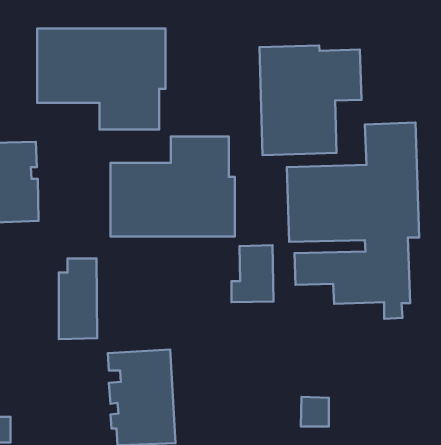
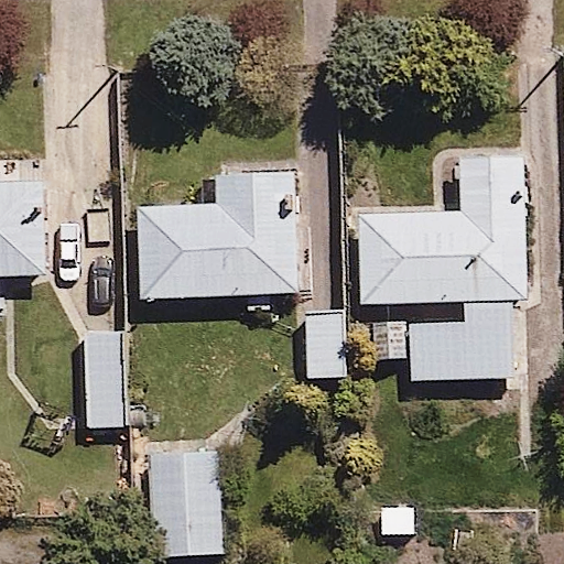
building: [37,29,165,129] -> none
building: [259,45,361,155] -> none

